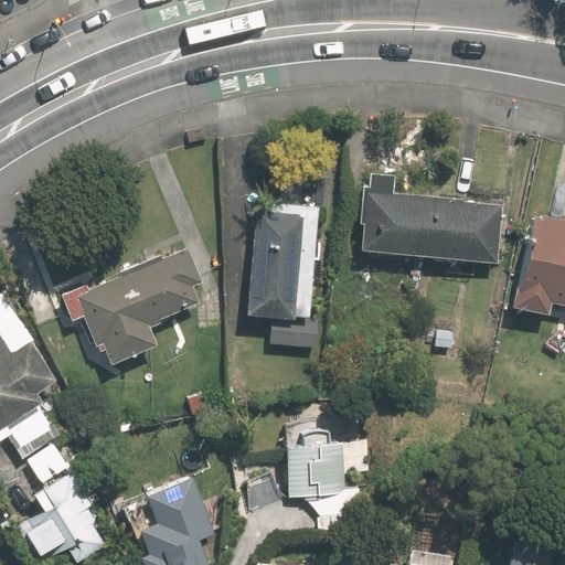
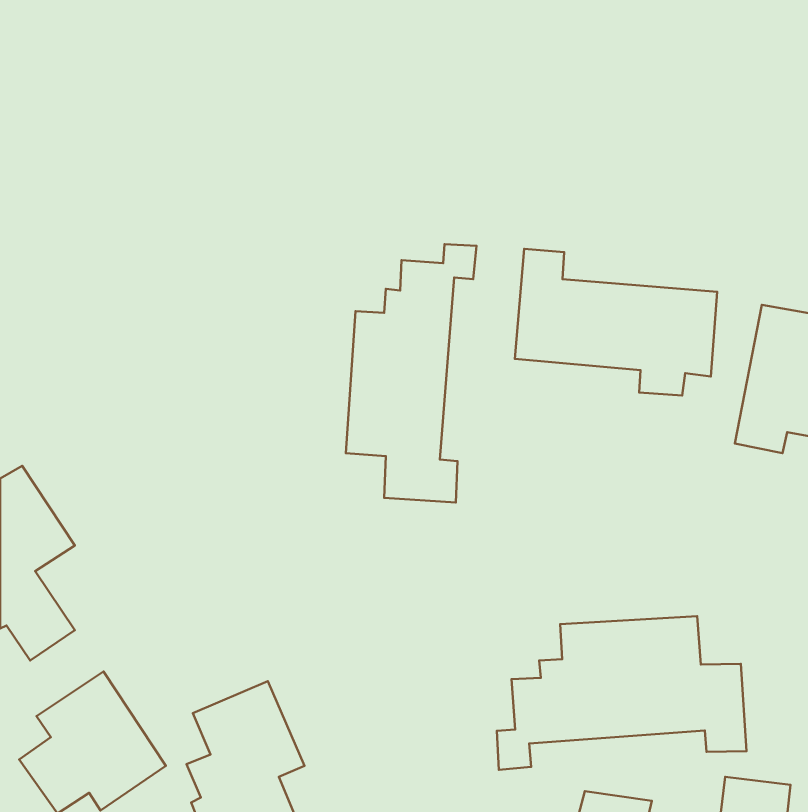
building: [62,245,203,367] -> none
building: none -> [497,616,747,770]
building: [282,440,345,497] -> none

